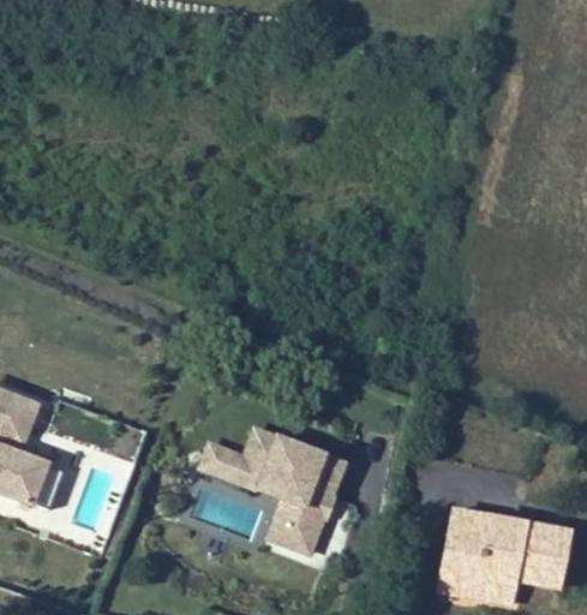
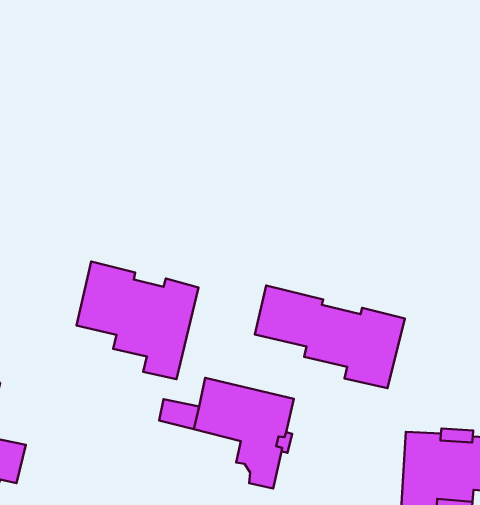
building: none -> [76,261,199,379]
building: none -> [255,286,405,388]

